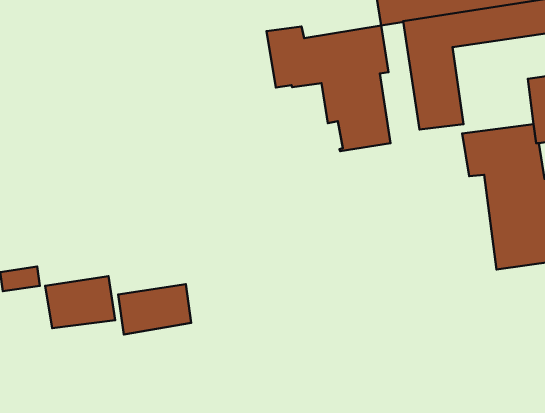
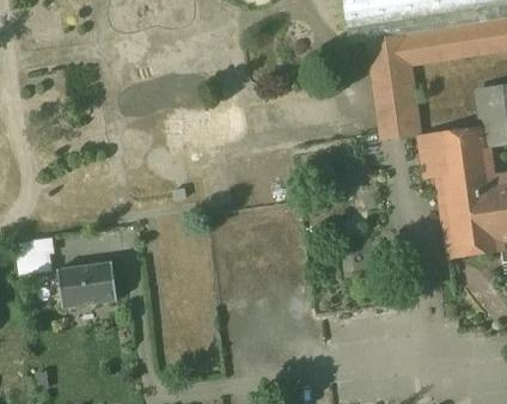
building: [267,25,391,151] -> none
building: [118,284,191,334] -> none

